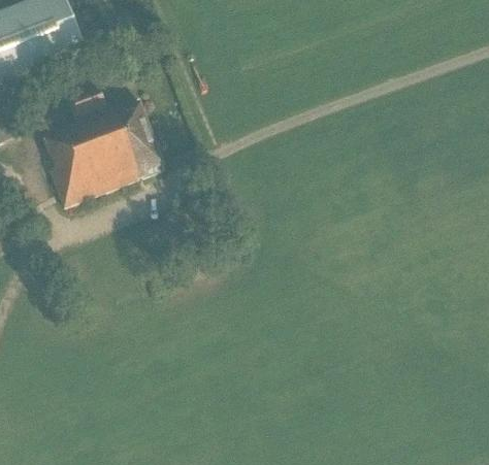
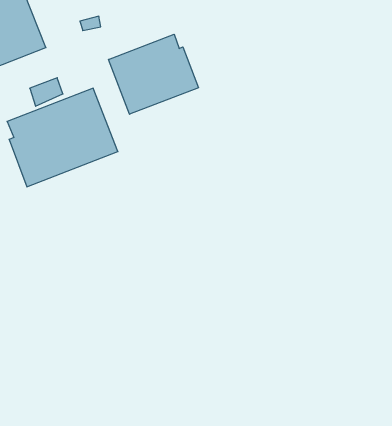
building: none -> [109,34,199,114]

